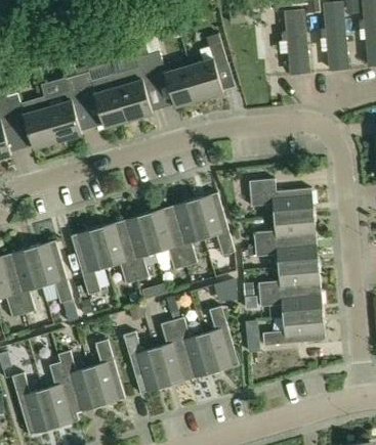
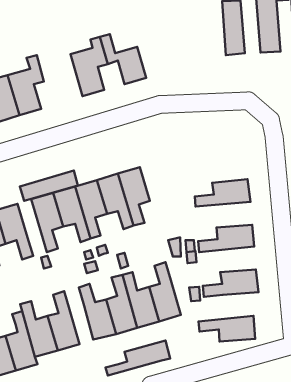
building: [190,34,227,100] -> none
building: [77,72,128,128] -> none
building: [249,179,314,218] -> none
building: [193,193,235,256] -> none
building: none -> [20,171,78,201]
building: [255,239,319,268] -> none
building: [259,290,323,318] -> [199,316,255,341]
building: none -> [106,341,170,376]

